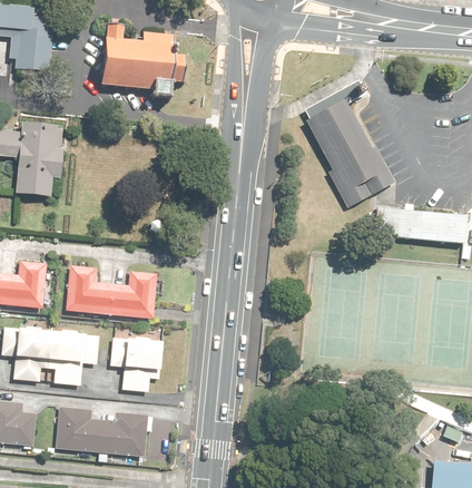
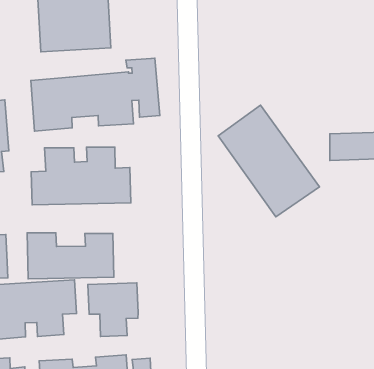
building: [299,86,399,204] -> [218,105,319,217]
building: none -> [31,58,160,131]
building: none -> [31,147,131,205]

